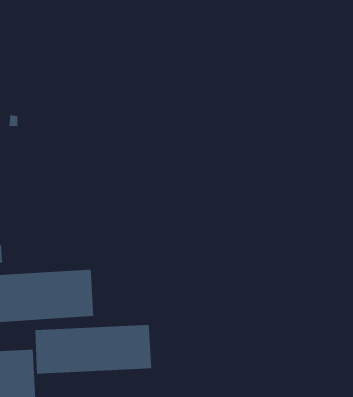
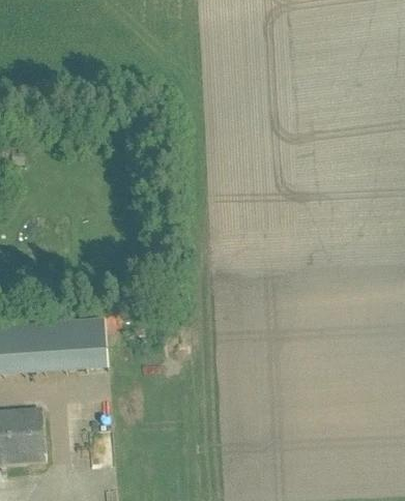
building: [34,324,152,374] -> none

